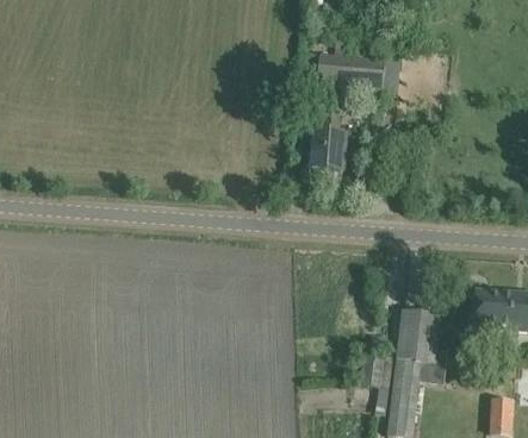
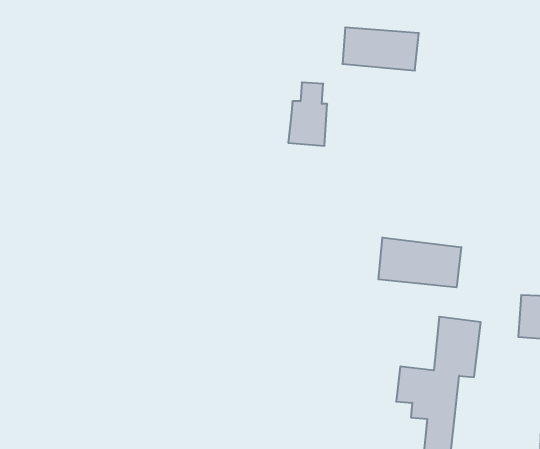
building: [311,114,346,170] -> [288,82,327,146]
building: none -> [379,237,461,287]

